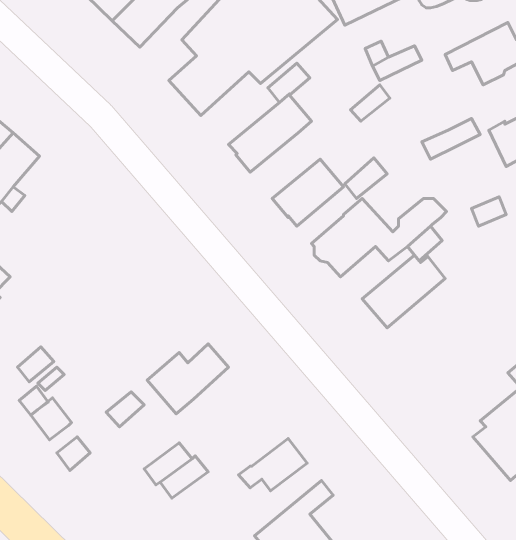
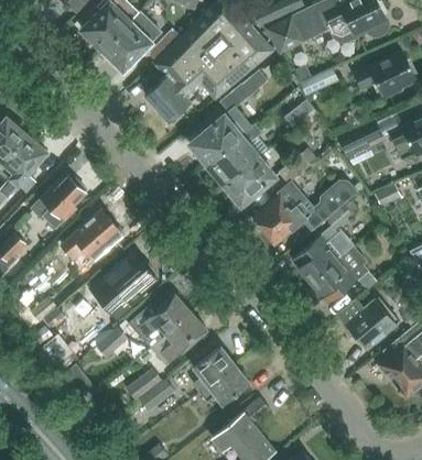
building: none -> [206,123,267,184]
building: none -> [30,174,85,230]
building: none -> [61,210,122,261]
building: none -> [310,244,368,304]
building: none -> [101,253,154,313]
building: none -> [337,289,396,348]
building: none -> [159,311,206,363]
building: none -> [191,347,235,393]

